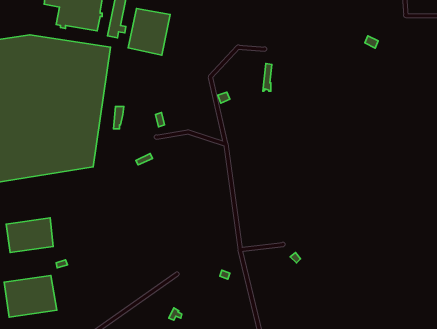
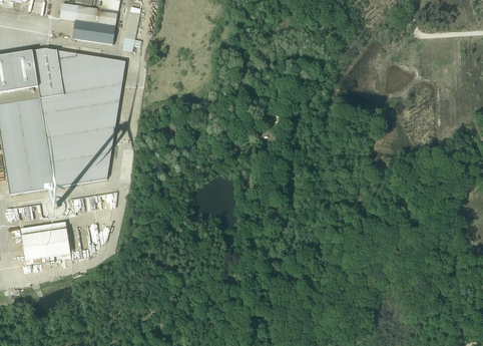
building: [128,8,170,55] -> none
building: [4,275,57,317] -> none

